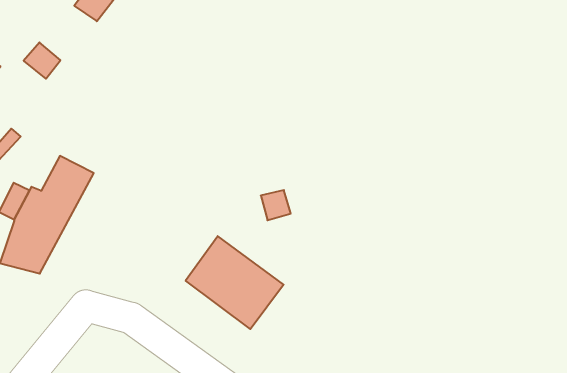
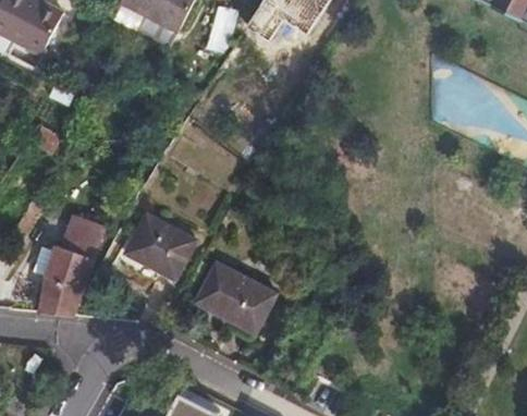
building: none -> [125,211,198,280]

